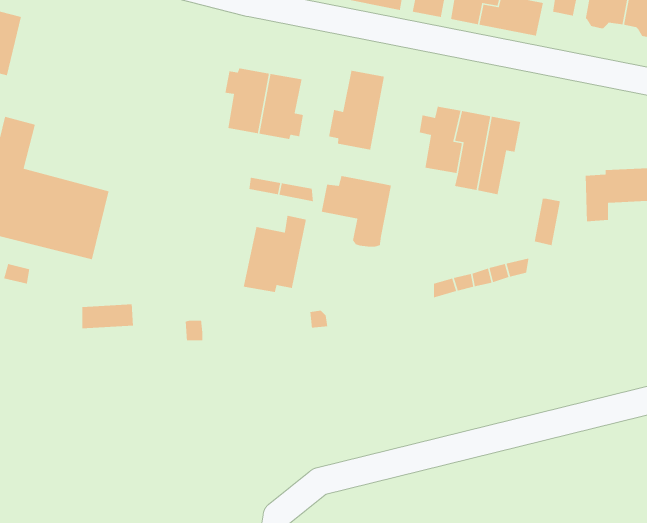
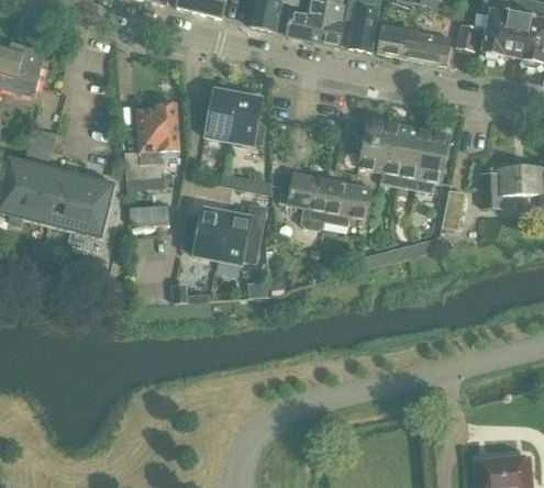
building: [328,70,385,151] -> none
building: none -> [125,99,179,195]
building: none -> [415,131,452,191]
building: none -> [325,180,374,224]
building: none -> [182,208,227,259]
building: [81,304,134,329] -> [130,203,170,223]

